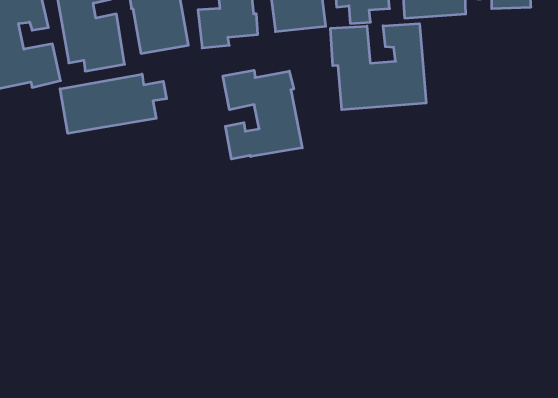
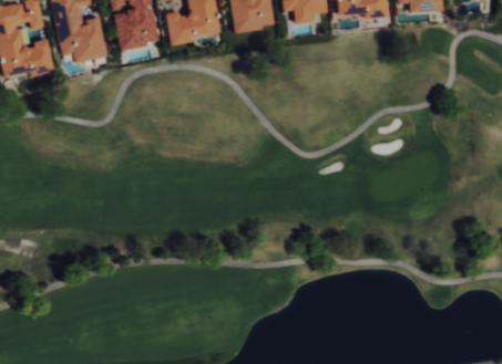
building: [331,24,426,110] -> none
building: [223,70,302,159] -> none
building: [60,74,167,133] -> none

